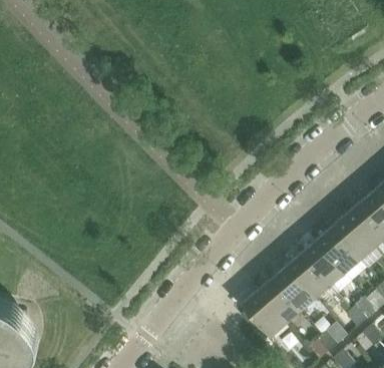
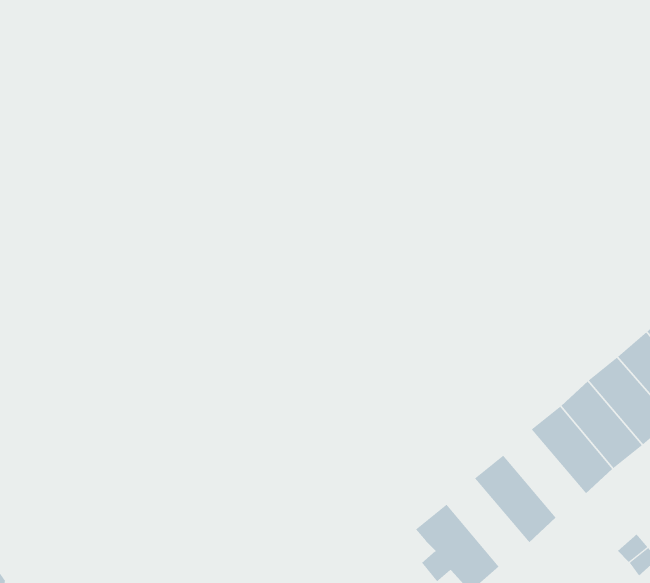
building: [288,254,330,299] -> none
building: [259,279,301,324] -> none

